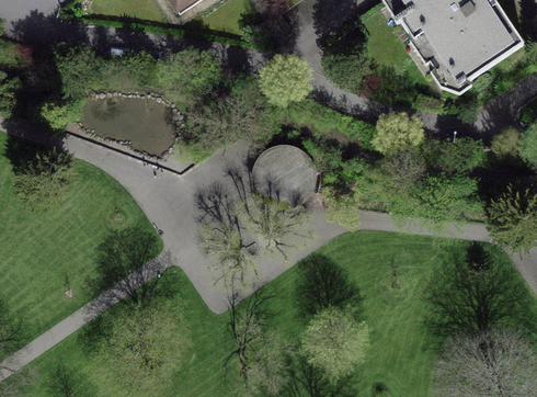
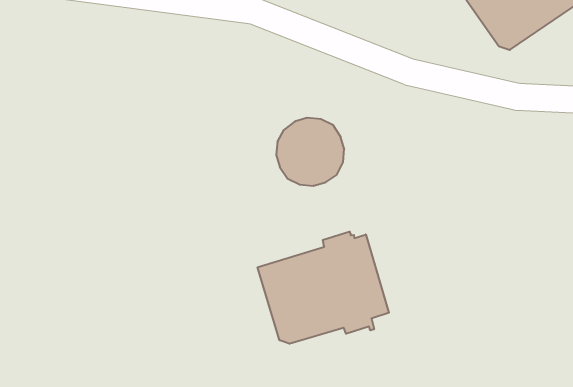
building: none -> [258,232,389,344]

